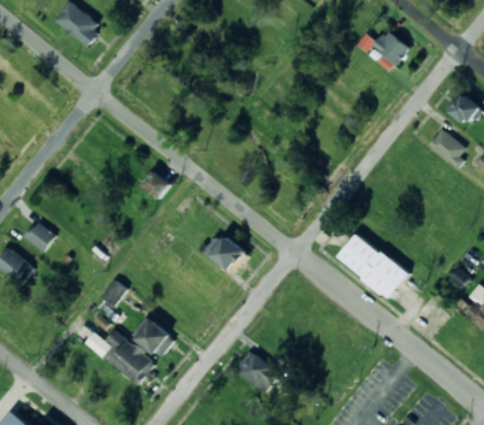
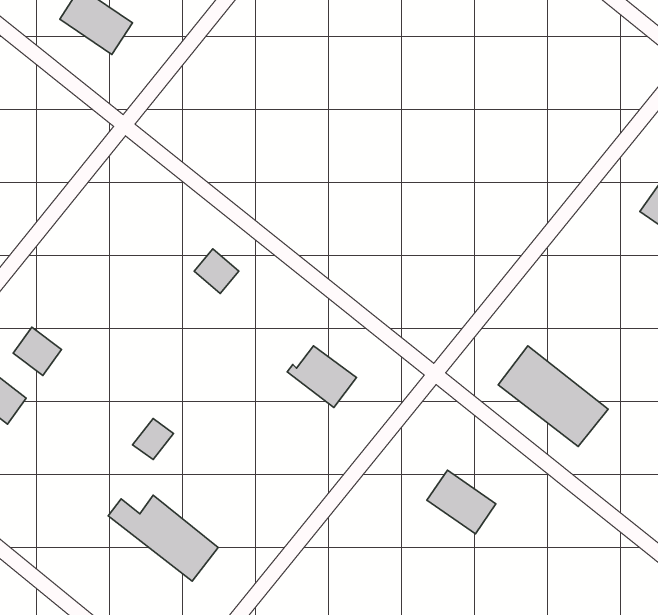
building: [372,28,408,71] -> none
building: [130,315,175,358] -> none
building: [234,350,278,391] -> [427,470,496,534]

